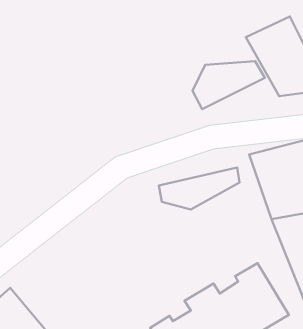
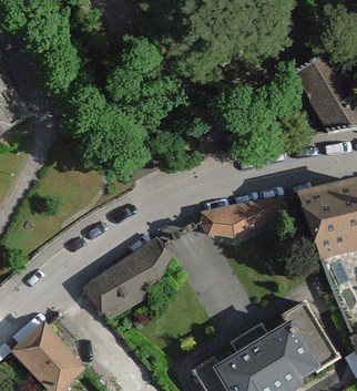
building: [192,61,265,109] -> none
building: none -> [81,238,176,313]

